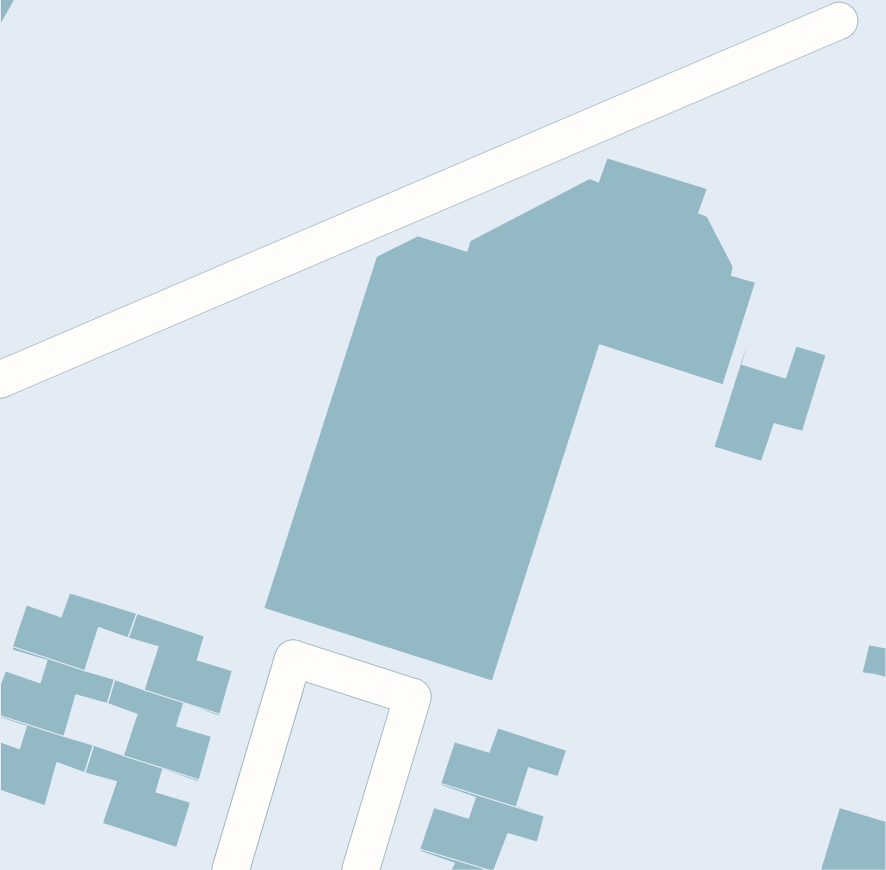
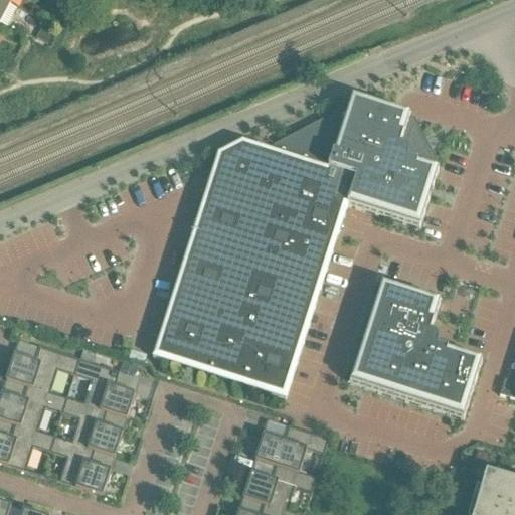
building: [714,331,826,462] -> none
building: none -> [350,279,482,414]

